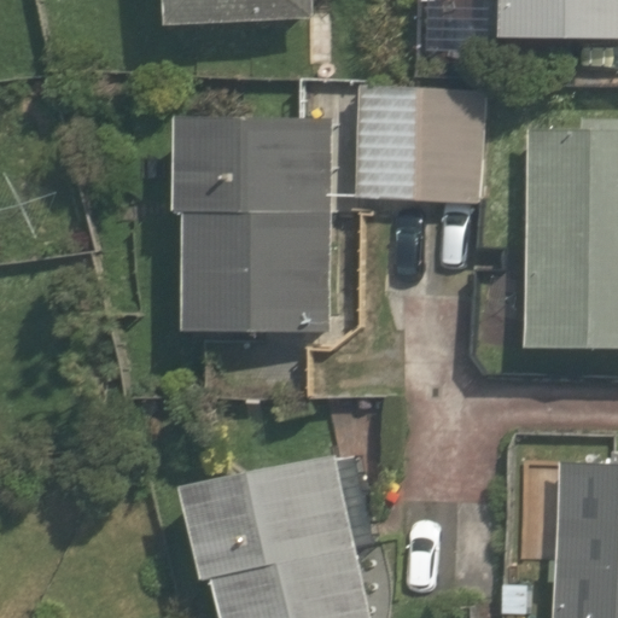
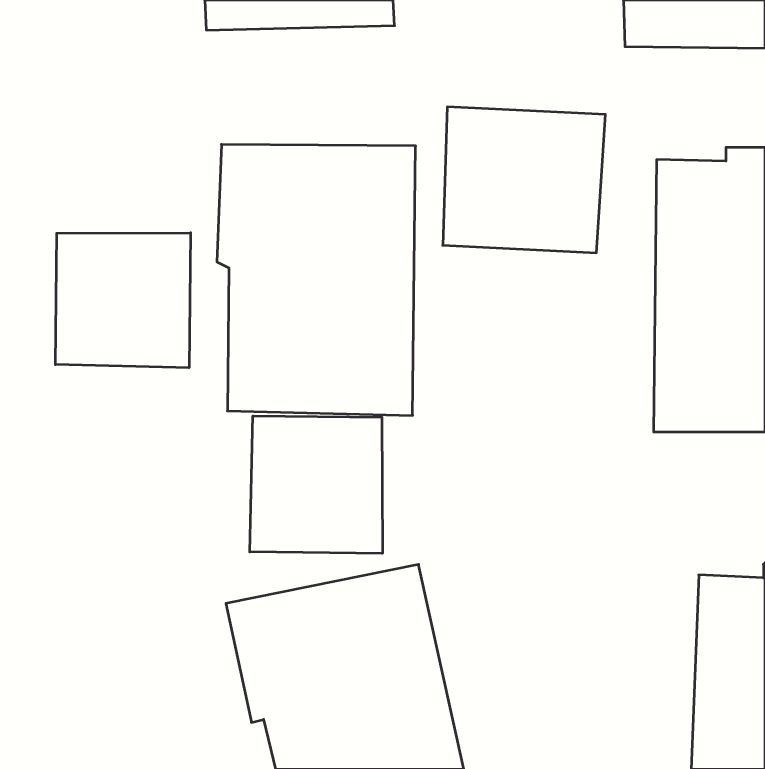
building: none -> [55,233,191,368]
building: none -> [250,416,382,553]

